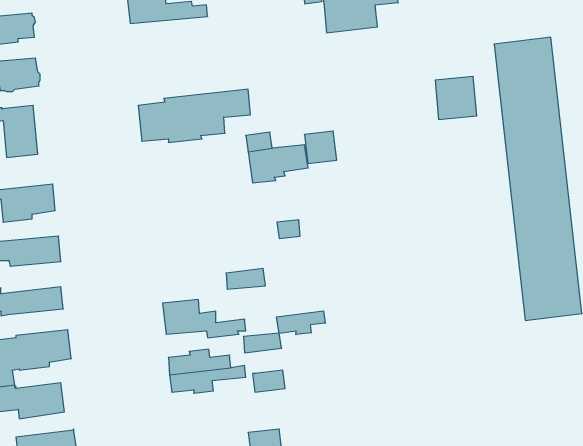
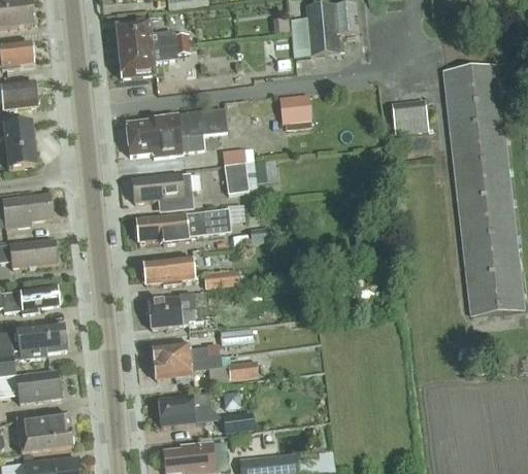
building: none -> [119,44,189,77]
building: [304,131,337,164] -> [282,94,310,123]
building: none -> [132,172,201,210]
building: none -> [136,210,229,244]
building: none -> [143,257,195,285]
building: [277,311,325,335] -> none
building: none -> [158,393,210,422]

